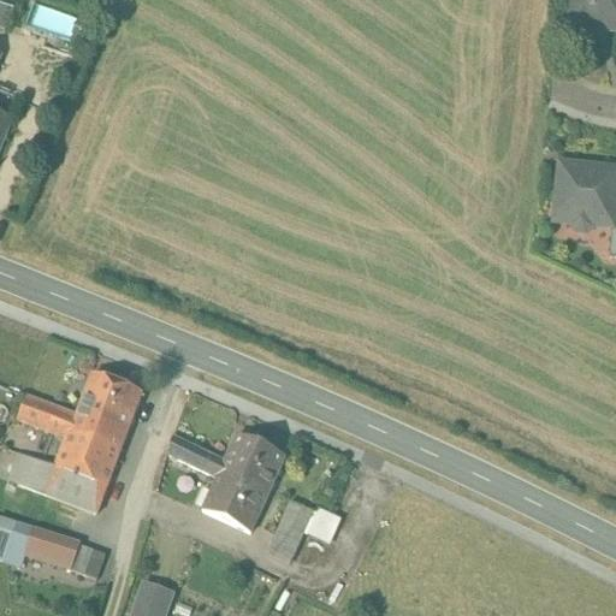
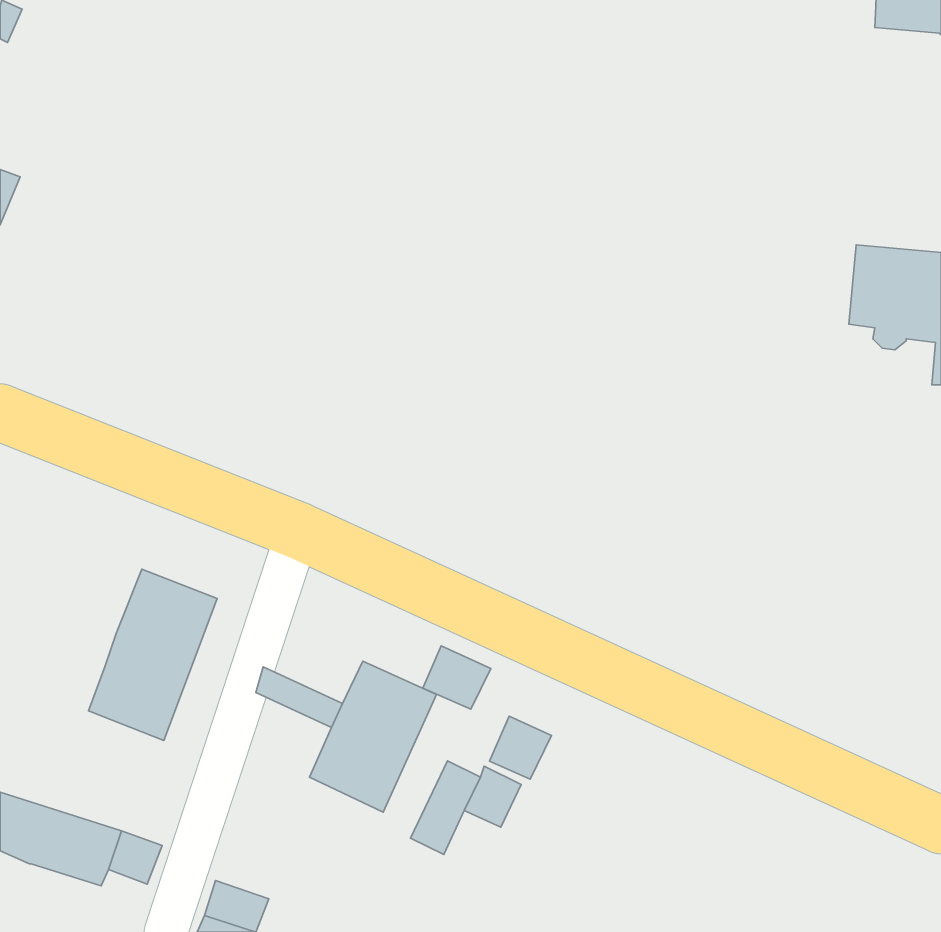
building: [18,395,76,436] -> none
building: none -> [423,646,491,709]
building: [8,450,107,511] -> none
building: none -> [489,716,551,779]

